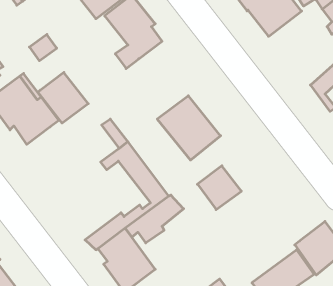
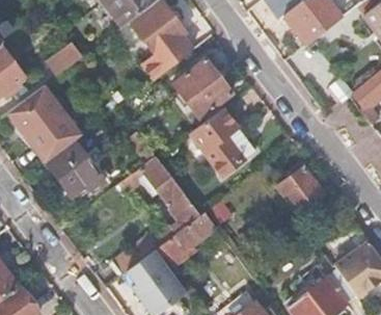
building: none -> [172,58,232,119]
building: [38,72,88,123] -> [47,141,101,195]
building: [197,166,241,210] -> [276,167,323,214]

